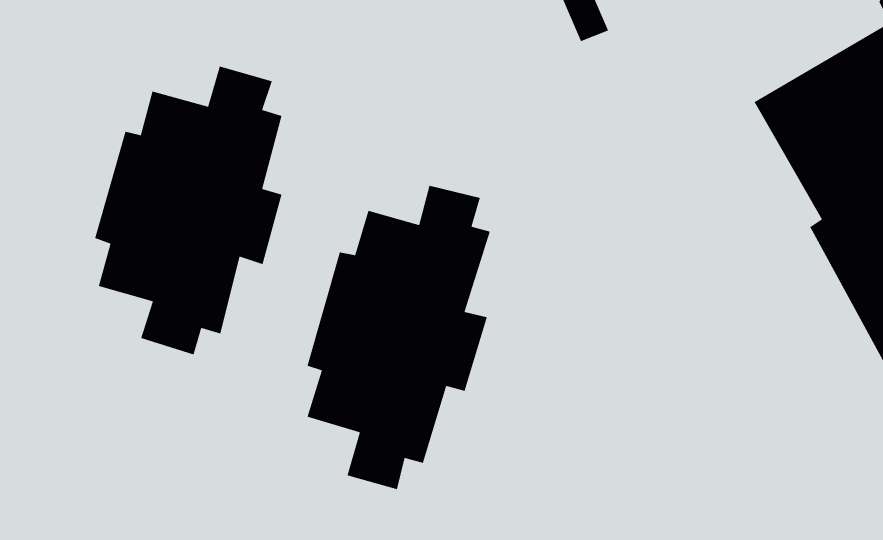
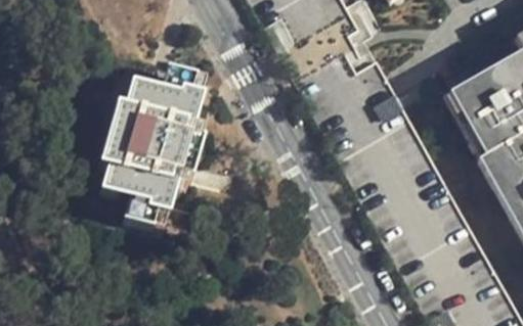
building: [306,185,491,490] -> none

